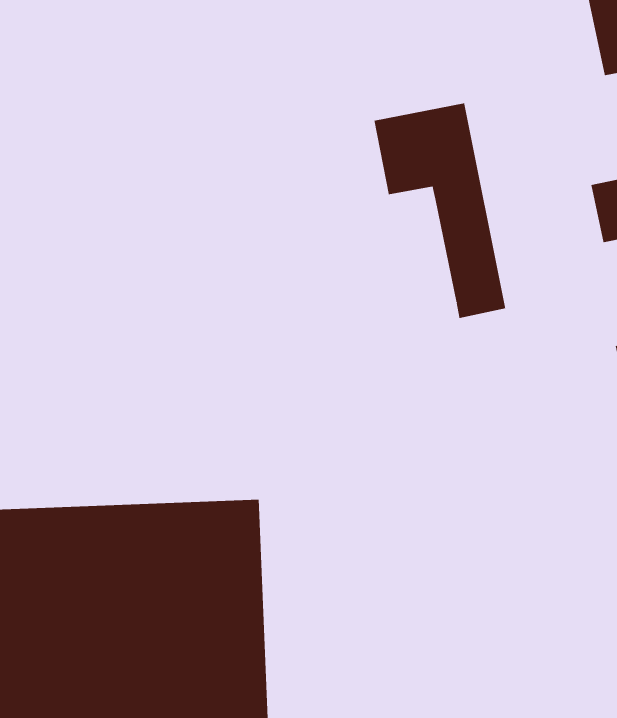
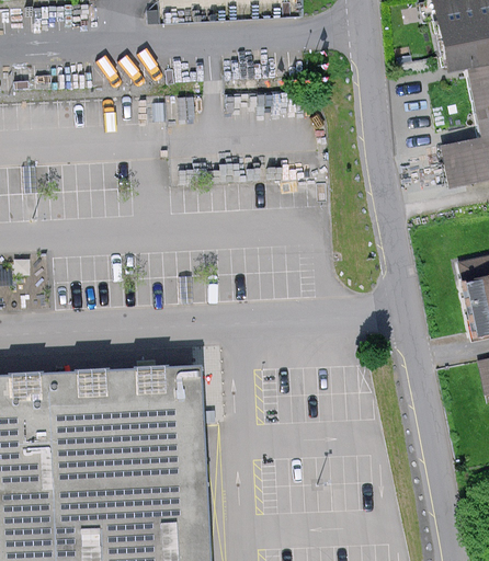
building: [374,102,506,319] -> none

